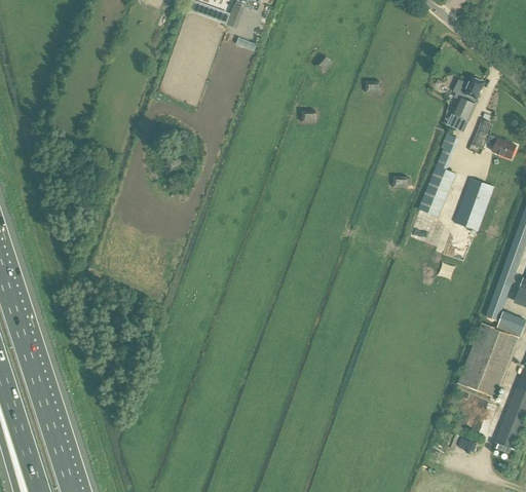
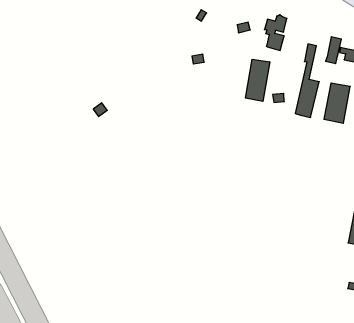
building: [451,75,483,120] -> [264,15,287,50]
building: none -> [245,59,270,101]

